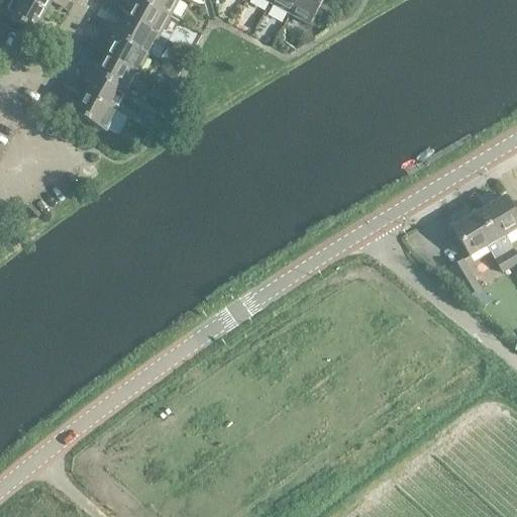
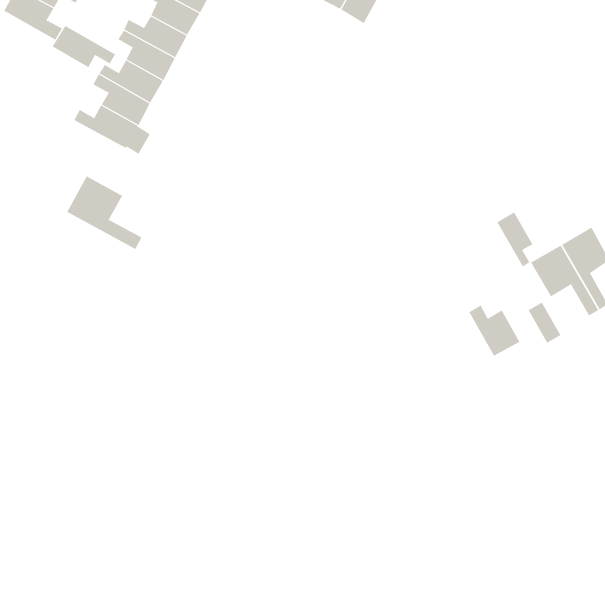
building: none -> [52,25,116,68]
building: none -> [67,176,142,250]
building: none -> [496,211,533,267]
building: none -> [468,305,520,356]

